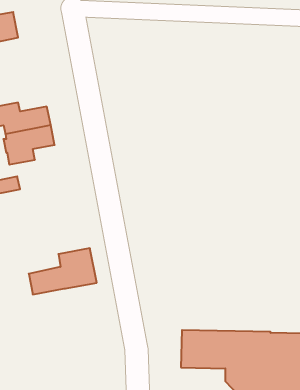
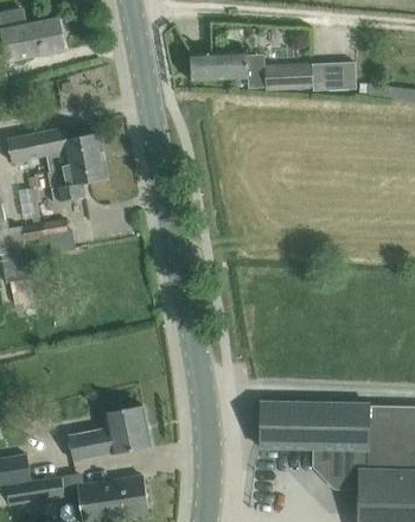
building: none -> [190,50,247,81]
building: none -> [264,59,356,90]
building: [29,248,97,294] -> [69,405,151,460]

